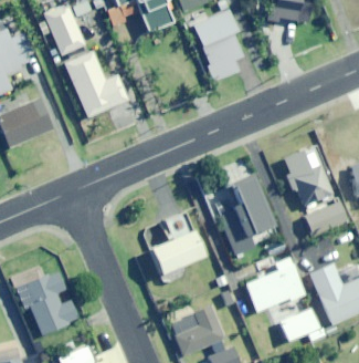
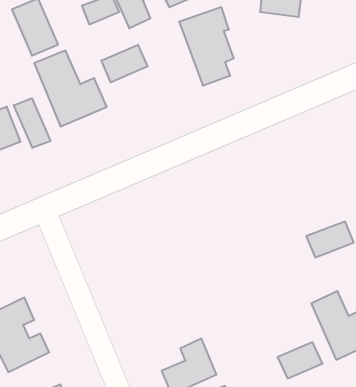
building: none -> [101,45,147,82]
building: none -> [14,98,51,148]
building: [285,152,332,205] -> none
building: [217,174,271,256] -> none
building: [149,210,203,274] -> none
building: [245,257,305,312] -> none

